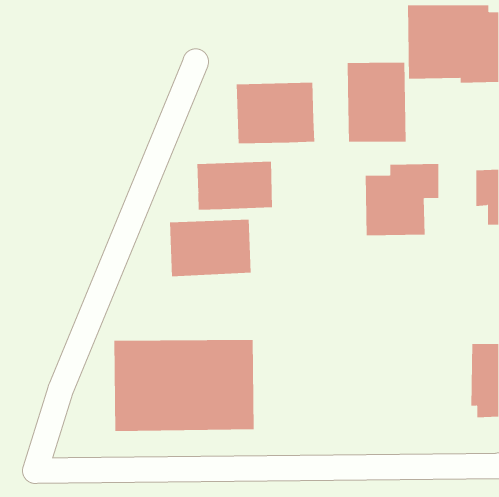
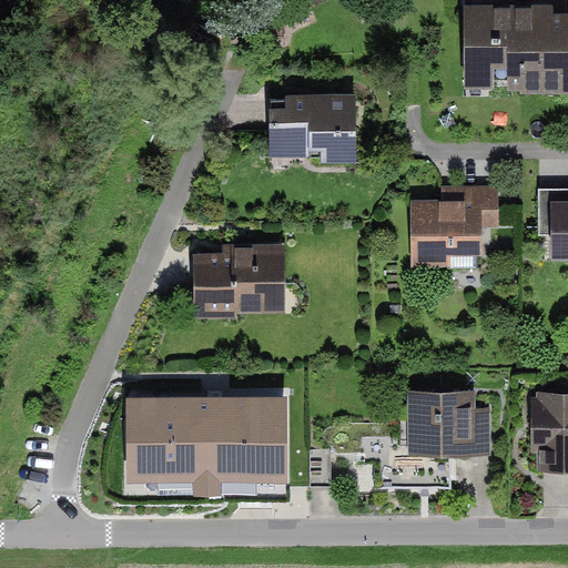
building: [347,62,406,143] -> none
building: [197,161,273,210] -> none
building: none -> [409,390,491,457]

